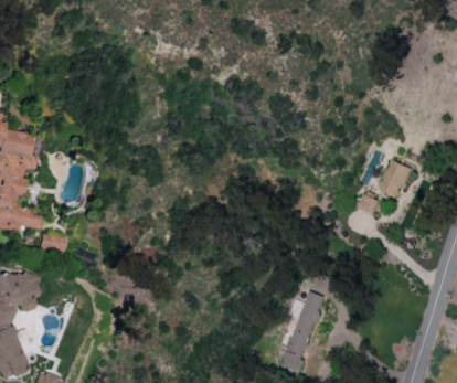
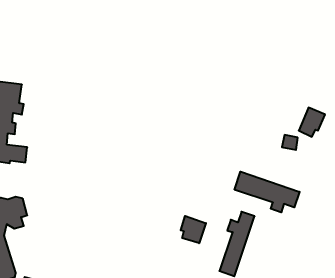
building: none -> [235,172,300,212]
building: none -> [181,216,206,243]

